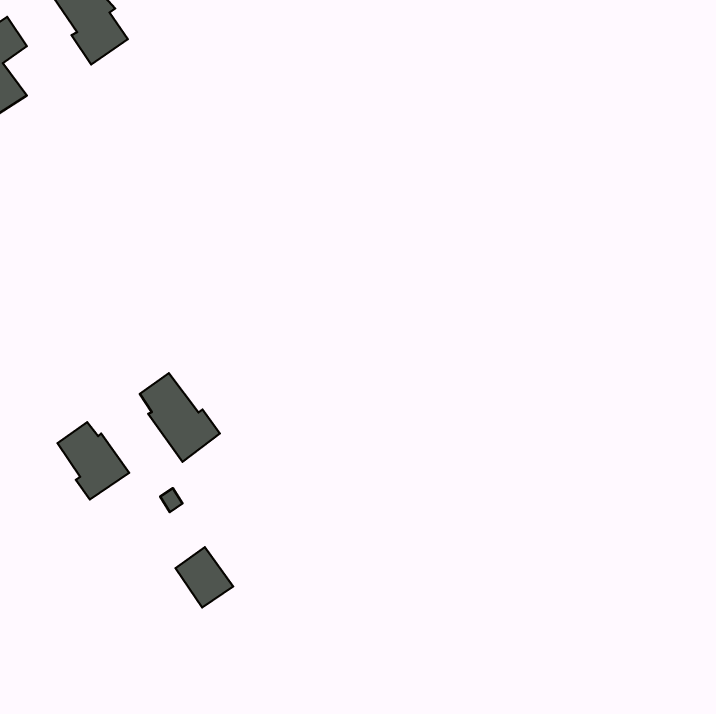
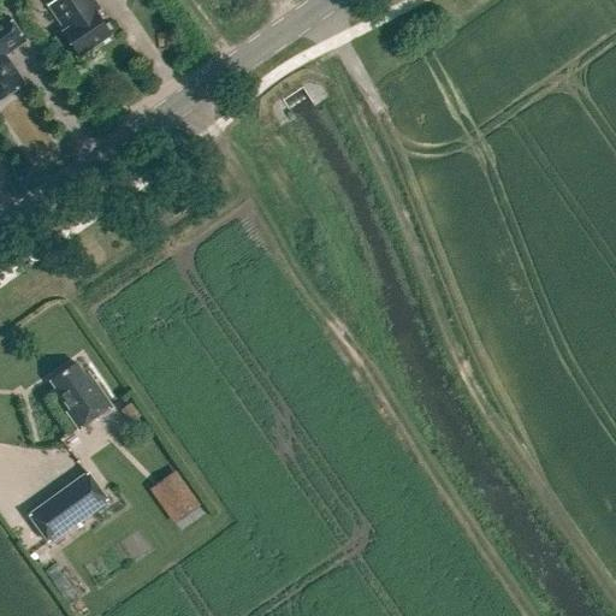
building: [140,373,220,462] -> none
building: none -> [28,472,106,541]

